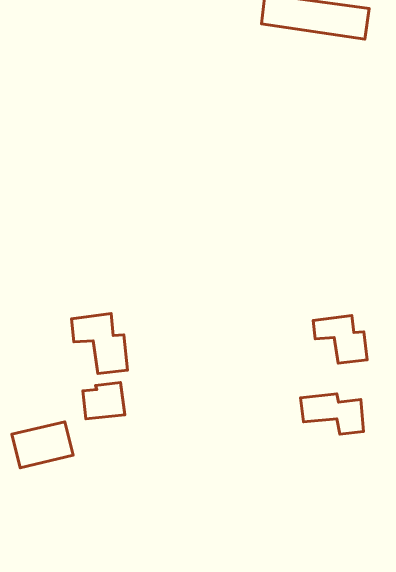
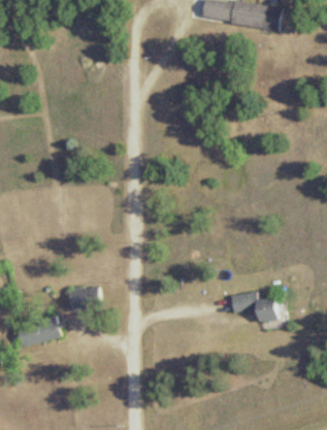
building: [71,314,128,373] -> none
building: [313,315,367,363] -> none

